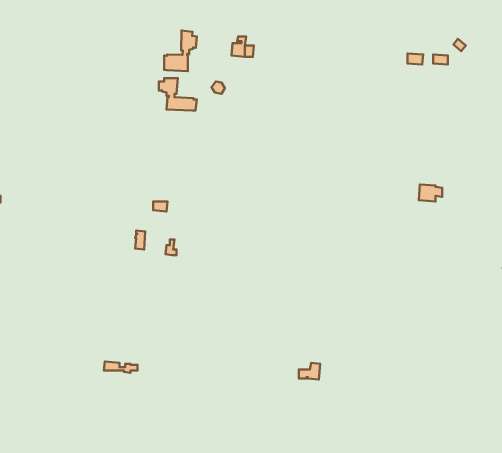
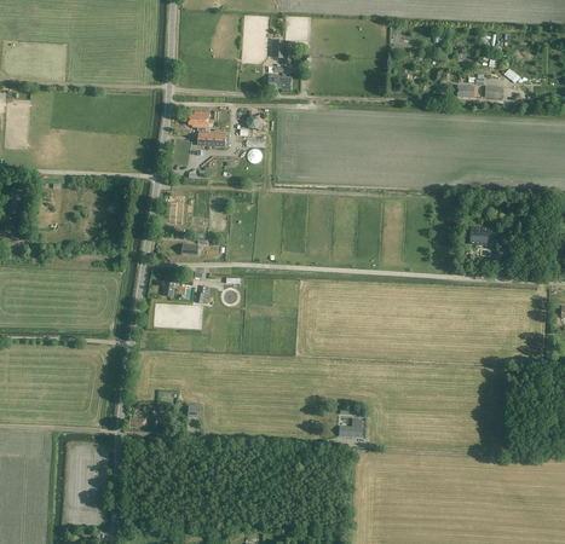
building: [164,31,197,71] -> none

